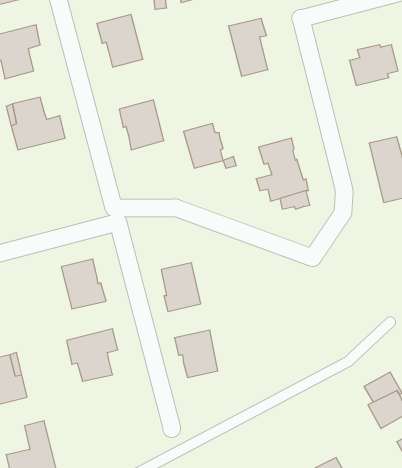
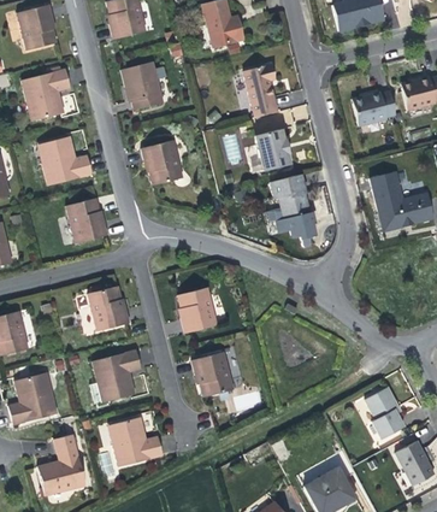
building: [184,124,223,168] -> [252,131,288,172]
building: none -> [66,200,108,245]
building: none -> [113,418,161,466]

